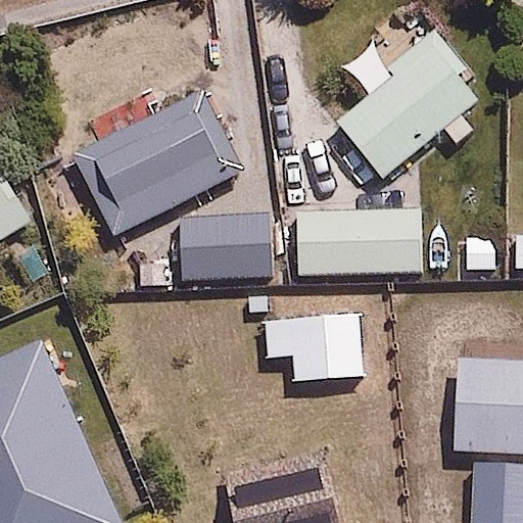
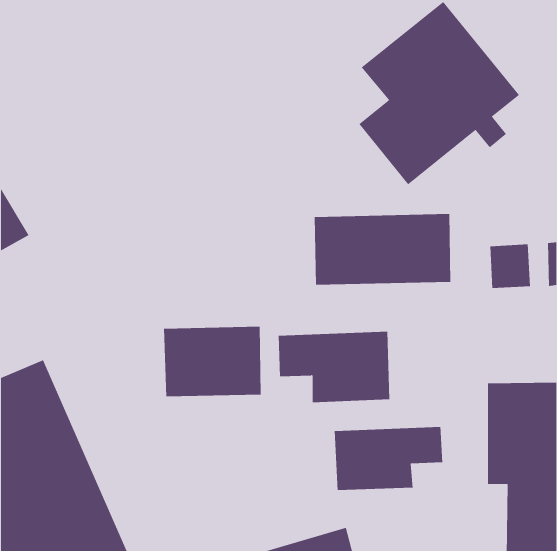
building: [73,91,240,236] -> none
building: [179,213,271,280] -> [163,326,261,397]
building: none -> [334,426,443,491]

